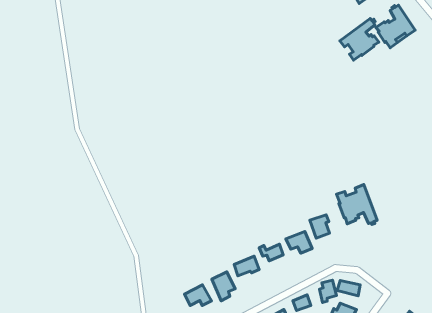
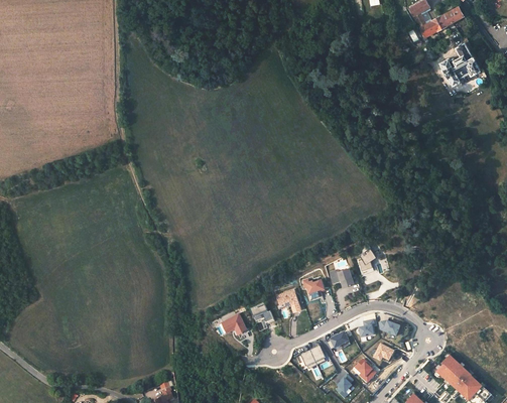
building: [340,19,379,60] -> none
building: [337,185,377,224] -> none

